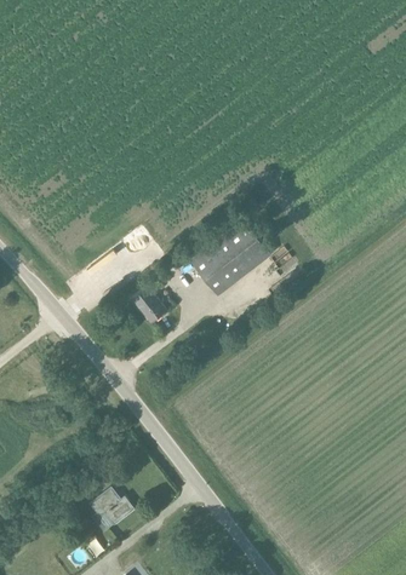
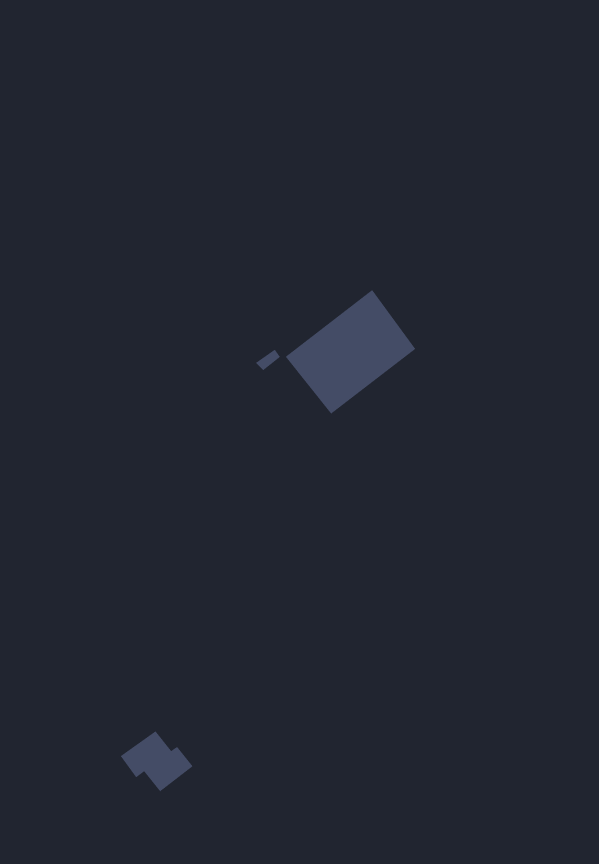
building: [132,287,166,323] -> none

